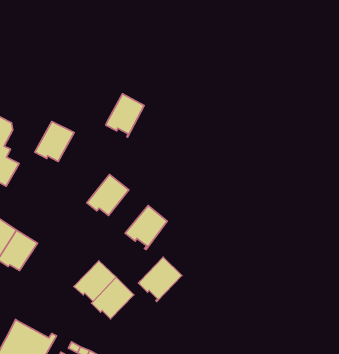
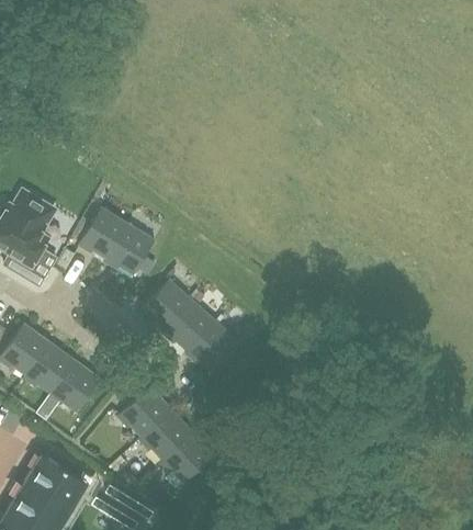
building: [106,94,144,137] -> [103,222,153,277]
building: none -> [160,297,214,349]
building: none -> [34,358,99,417]
building: [138,257,182,301] -> [157,429,212,484]

